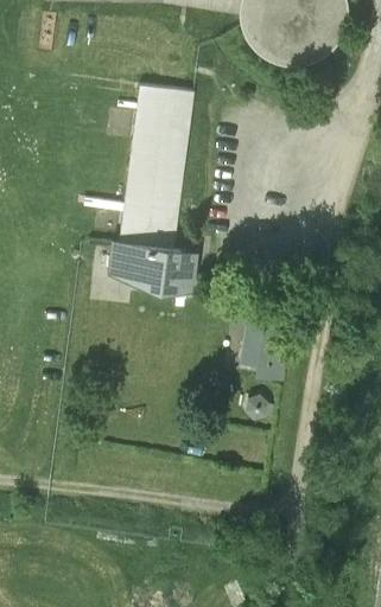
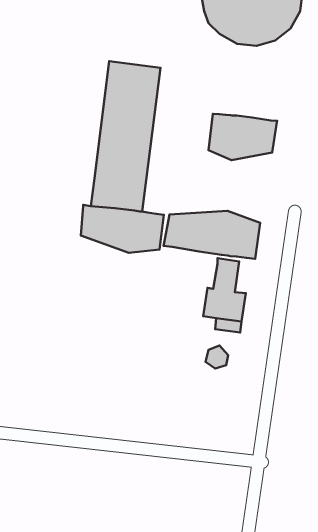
building: none -> [209,114,277,160]
building: none -> [163,211,260,259]

